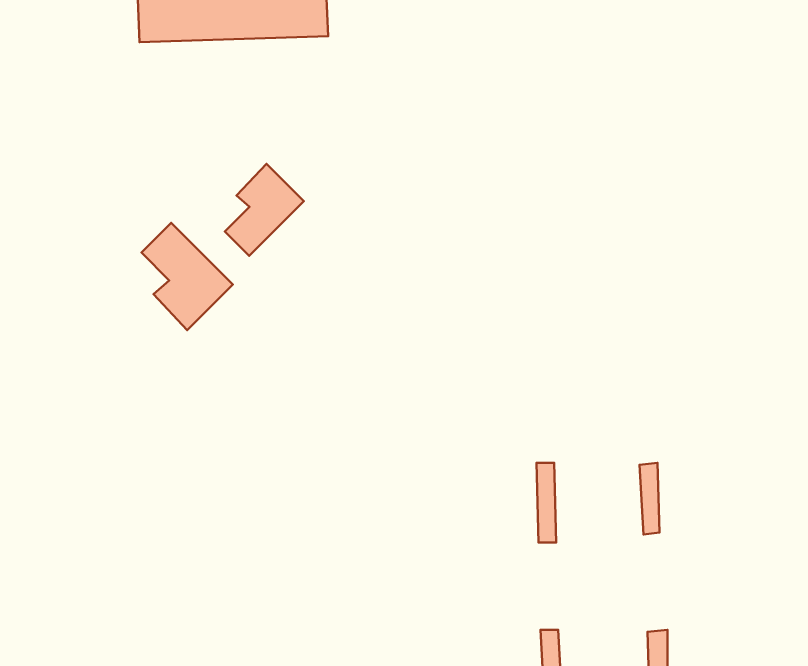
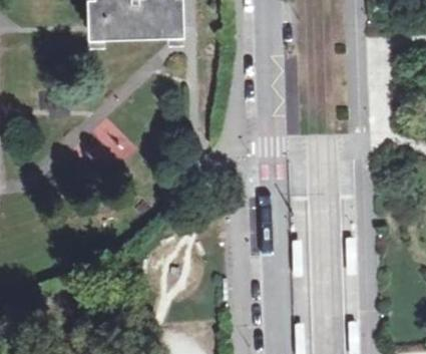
building: [225,164,304,256] -> none

